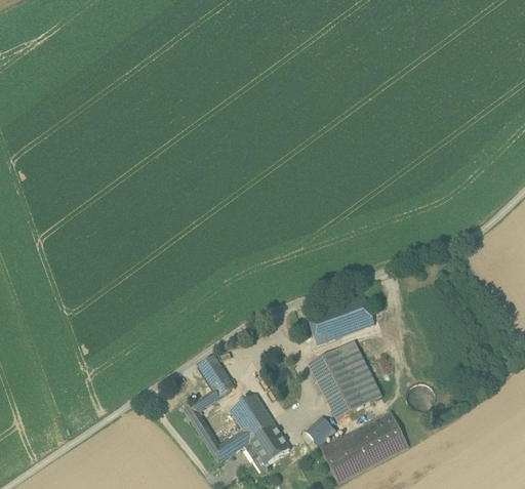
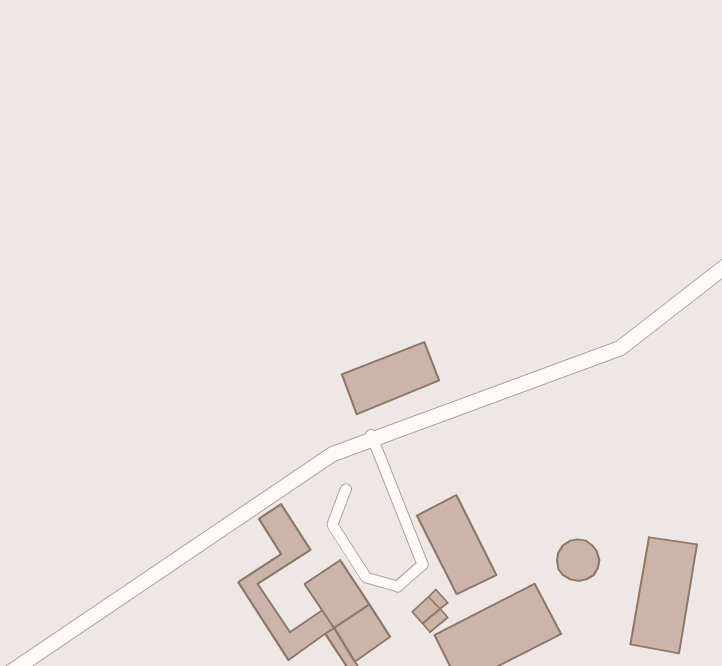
building: [306,293,373,343] -> [342,342,439,414]
building: [336,340,381,405] -> none
building: none -> [630,537,697,653]

